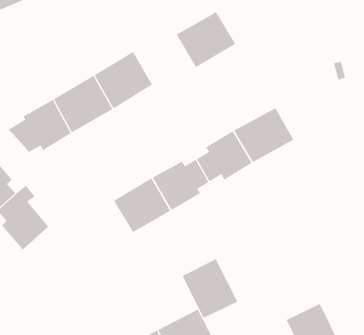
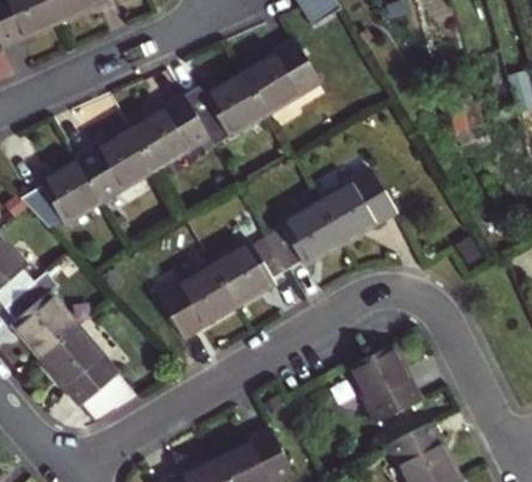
building: none -> [185,73,267,145]
building: none -> [40,325,135,419]
building: [182,258,238,318] -> [348,350,422,429]

